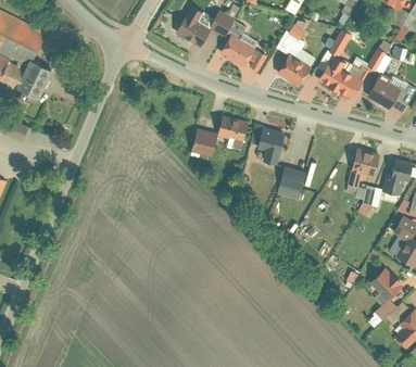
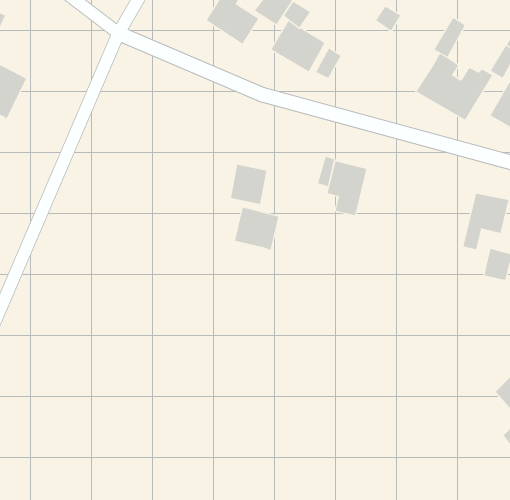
building: [276,55,310,89] -> none
building: [216,114,247,143] -> [234,207,279,250]
building: [277,168,305,201] -> none

